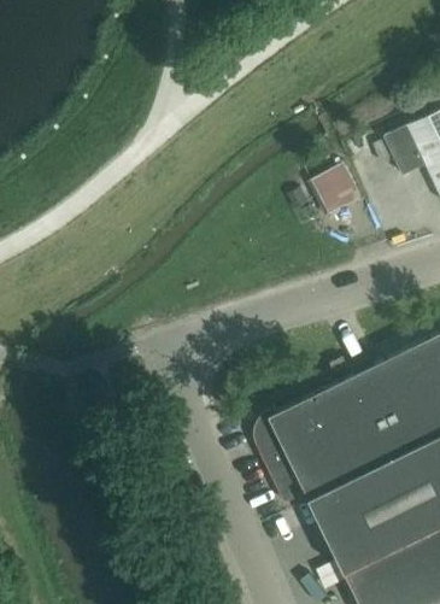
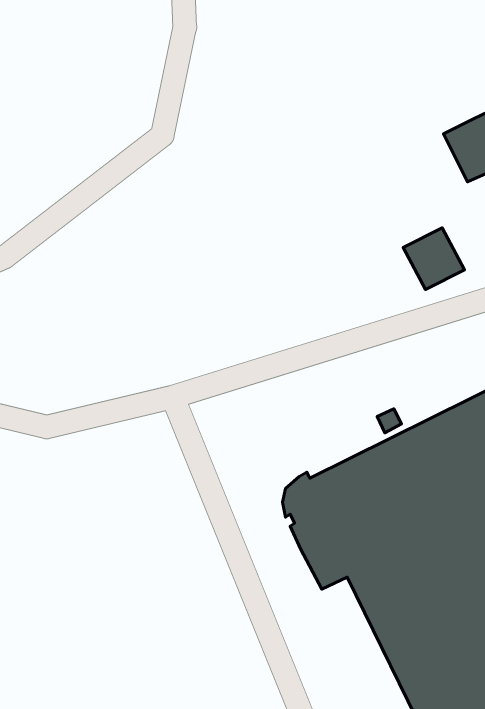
building: [311,165,360,215] -> [403,228,465,290]

